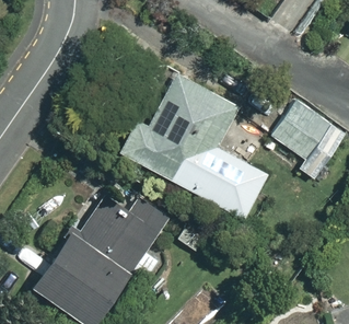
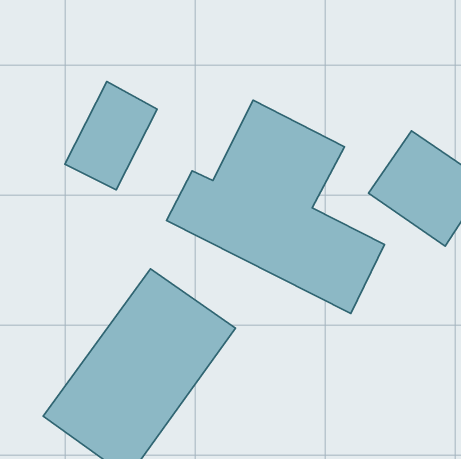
building: none -> [65,82,157,190]

